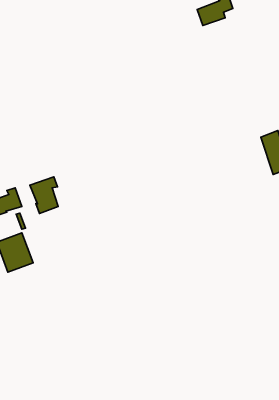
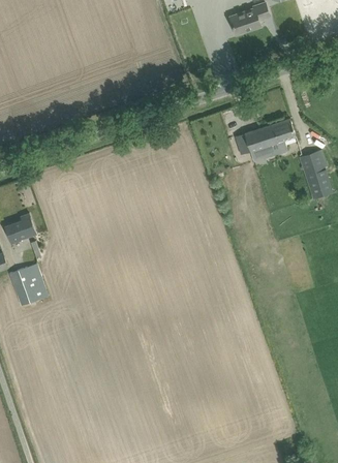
building: none -> [235,118,296,161]
building: [30,177,58,214] -> none

